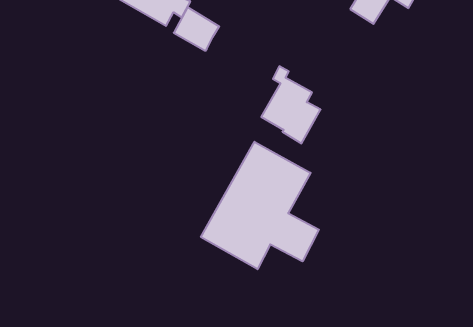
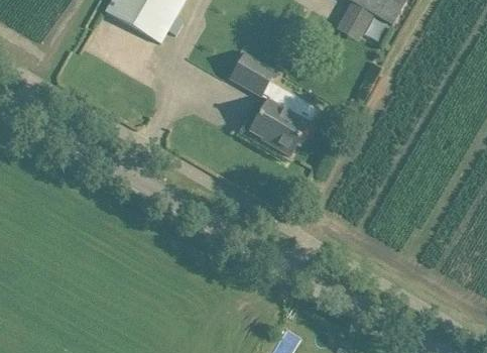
building: [174,7,219,51] -> [231,51,274,93]
building: [201,142,319,269] -> none

